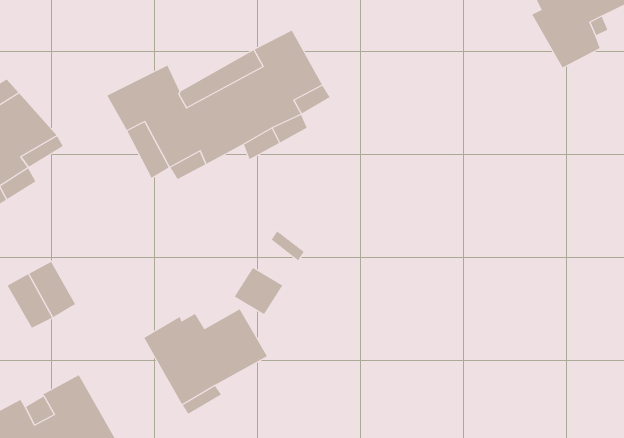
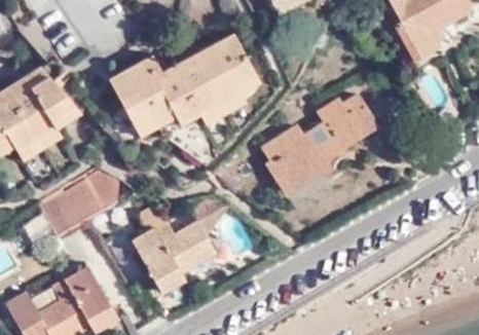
building: none -> [262,96,375,190]
building: none -> [71,173,119,218]

